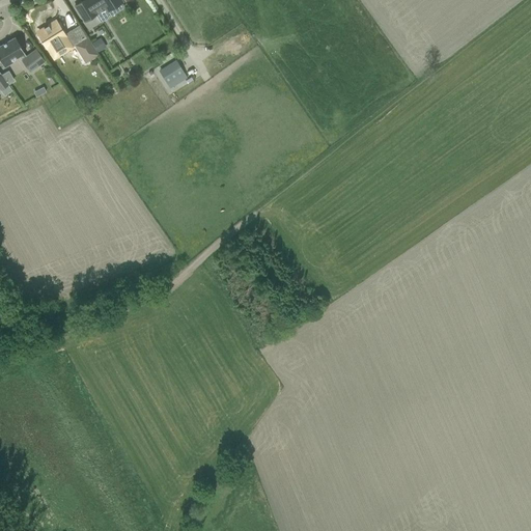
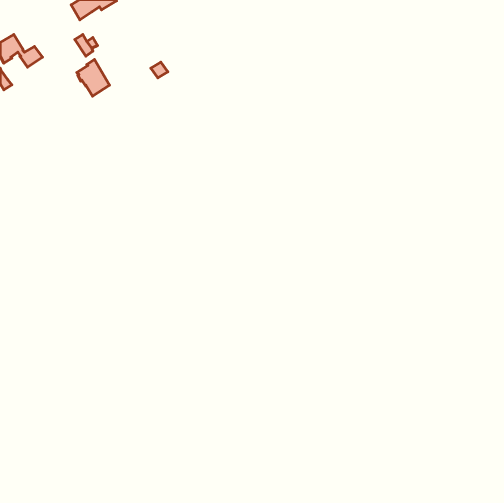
building: [37,20,72,58] -> [77,60,109,96]

